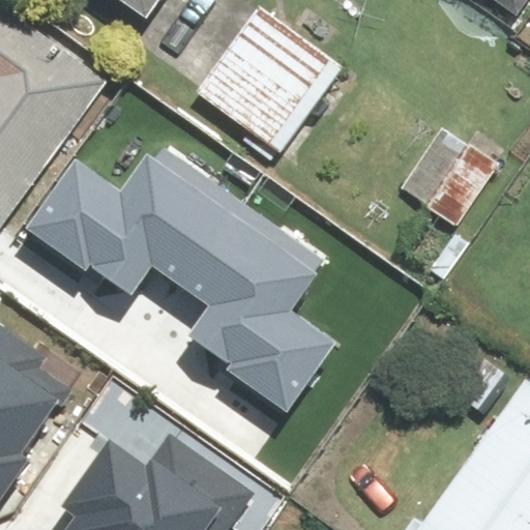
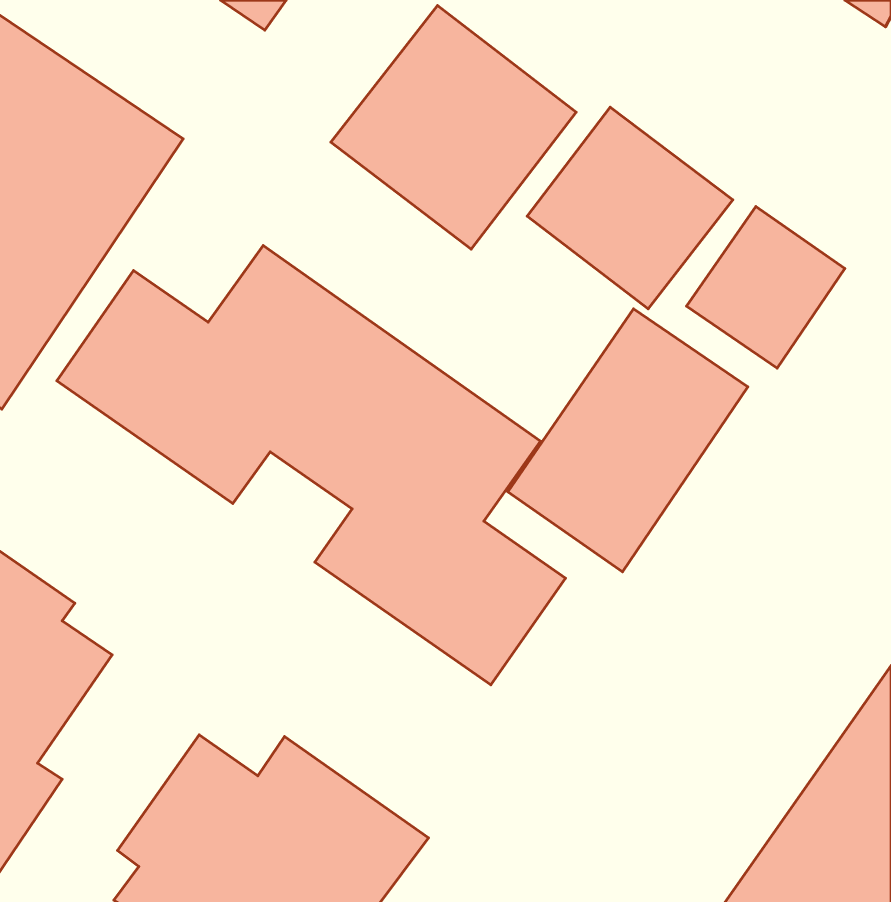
building: none -> [527,107,733,309]
building: none -> [508,309,748,572]

